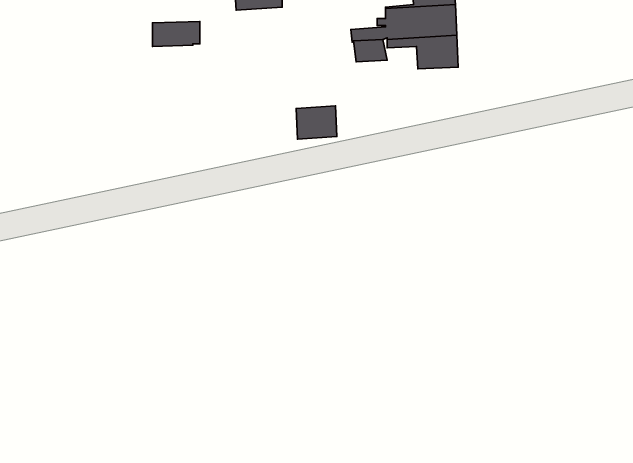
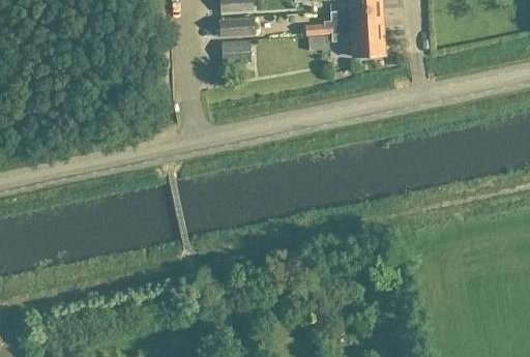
building: [152,21,200,47] -> [219,17,255,35]
building: [296,106,337,139] -> [222,39,252,64]

